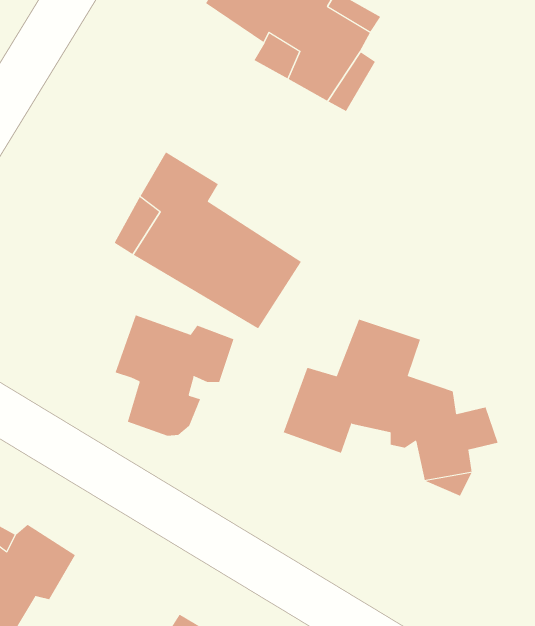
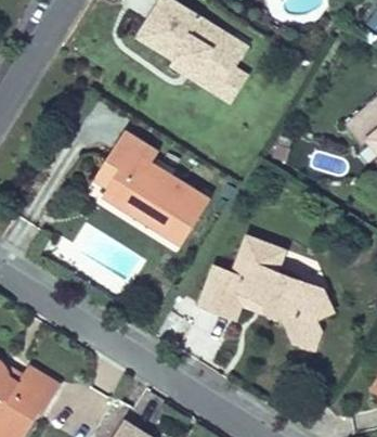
building: [115,315,234,437] -> none

